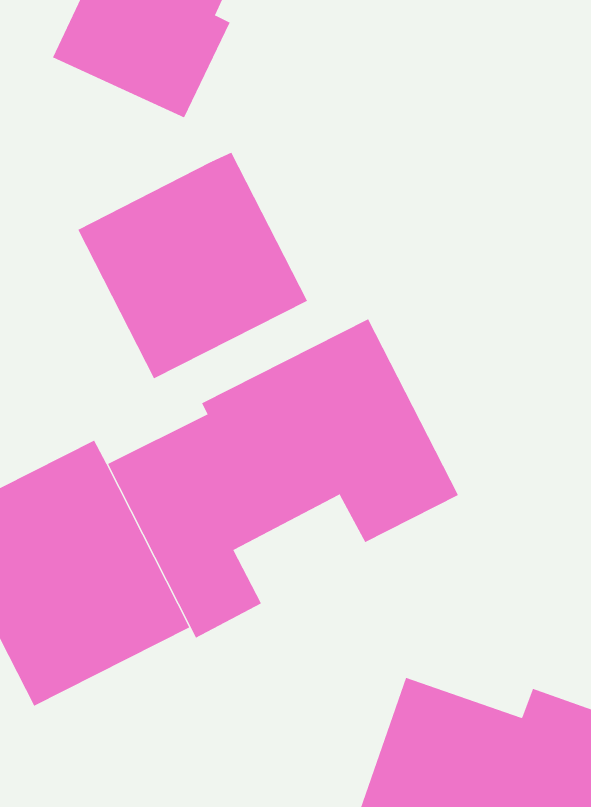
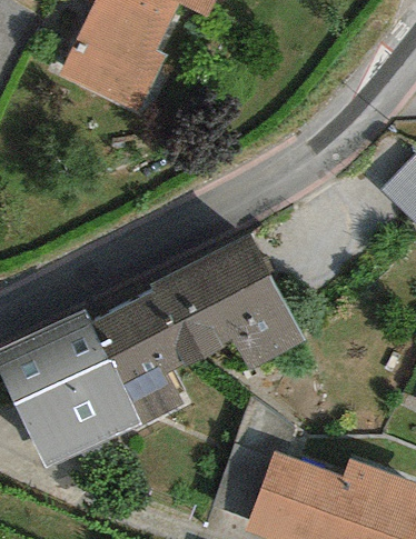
building: [78,152,308,379] -> none

